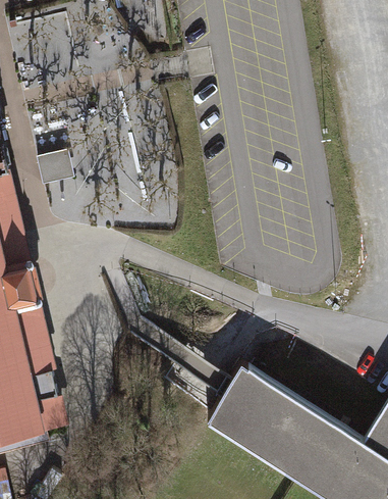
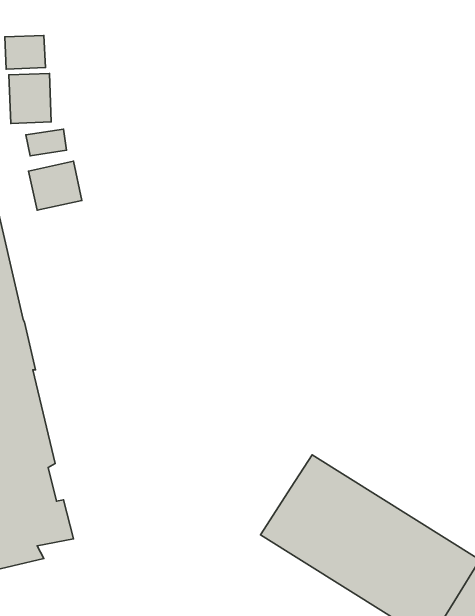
building: none -> [9,73,51,123]

